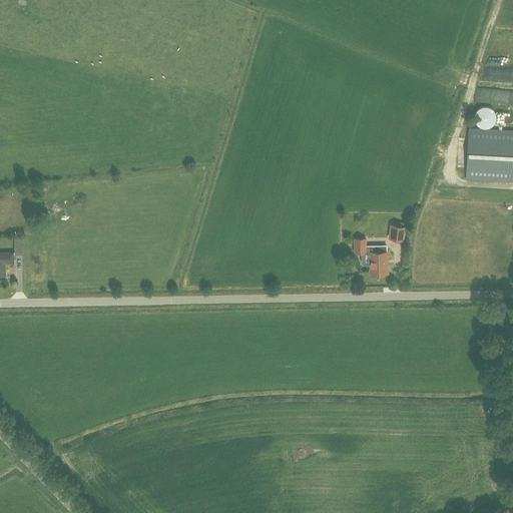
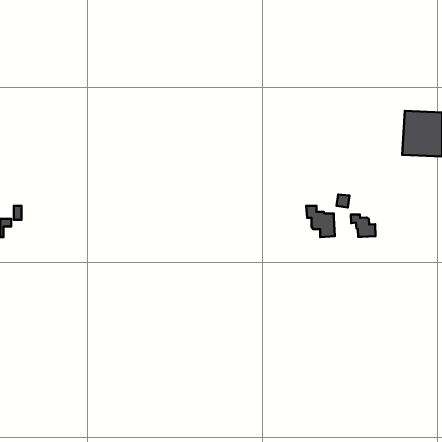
building: none -> [351,214,376,237]

